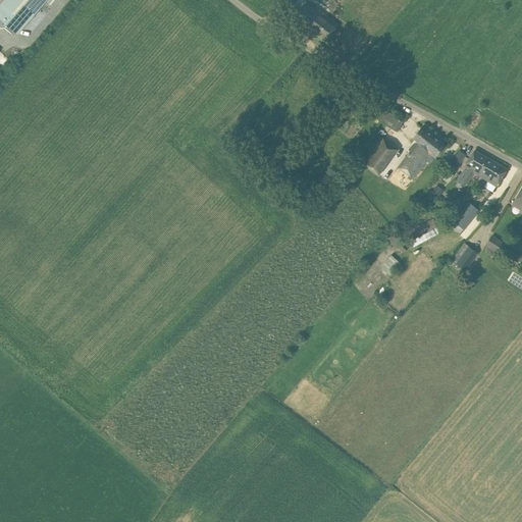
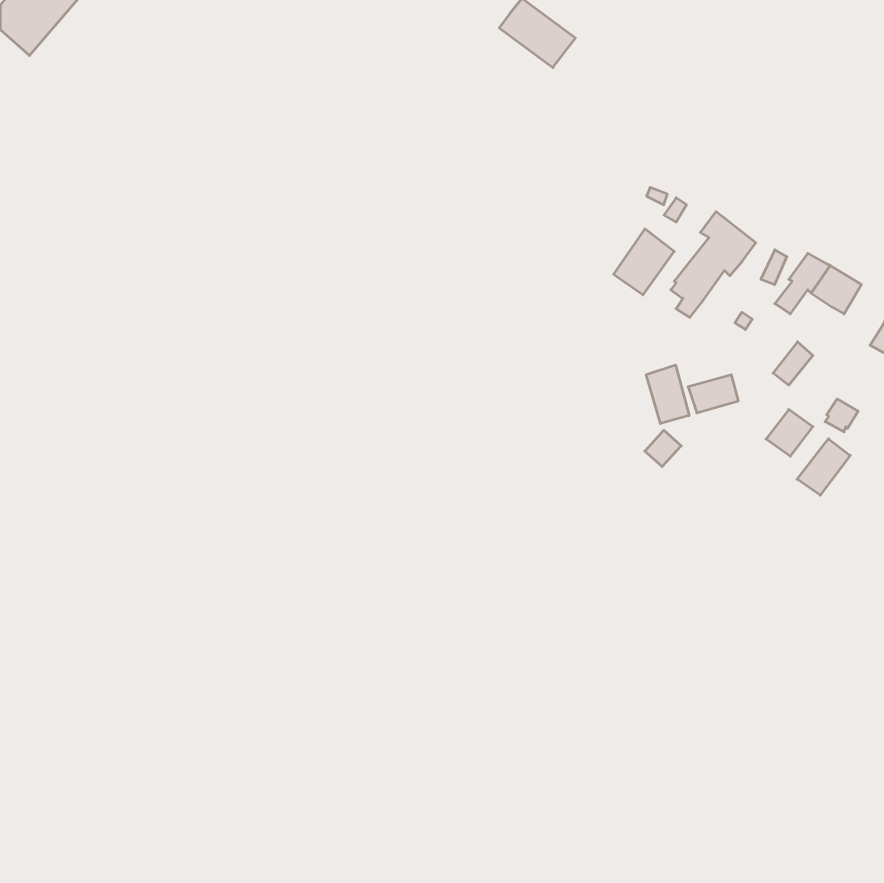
building: none -> [646,365,689,424]
building: none -> [797,439,850,495]

